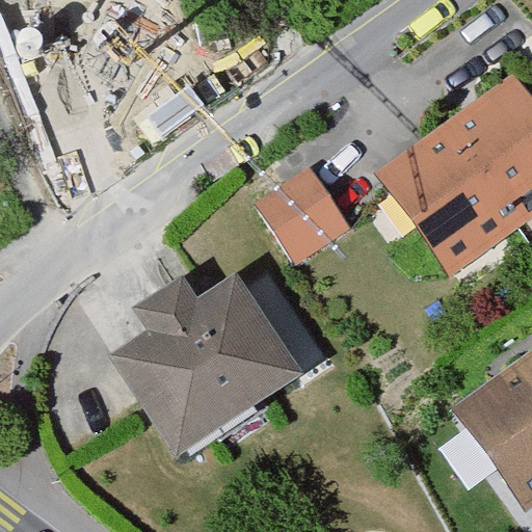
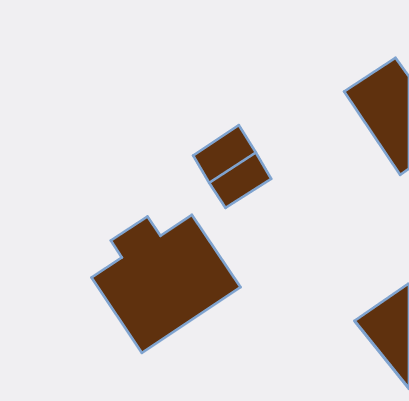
building: [375,118,518,273] -> none

